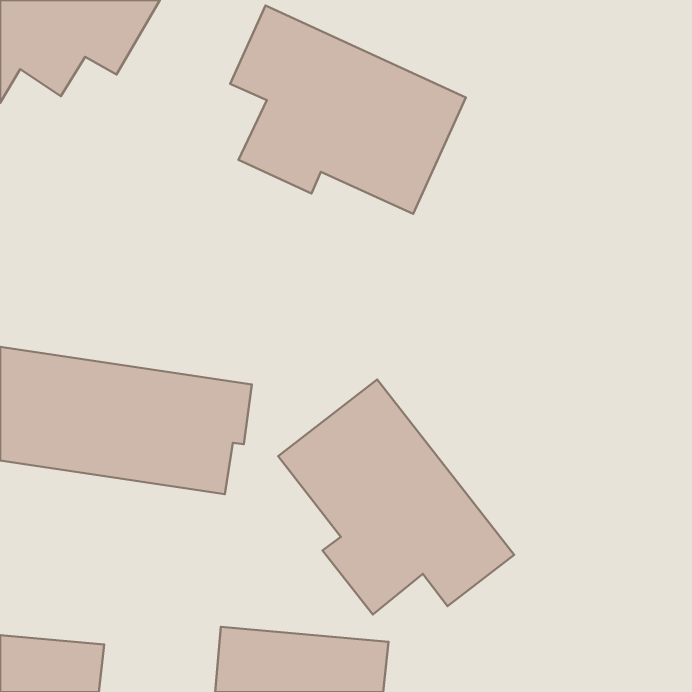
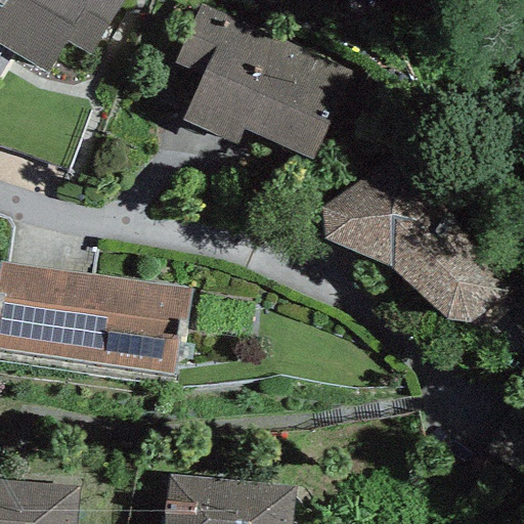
building: none -> [320,149,516,326]
building: [278,380,514,614] -> none

